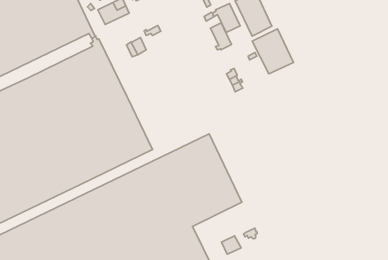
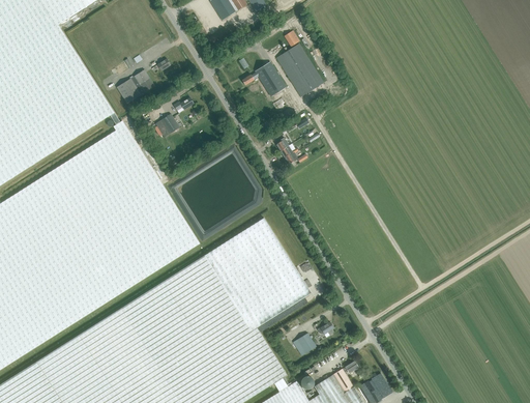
building: [210,23,232,50] -> none
building: [252,29,293,74] -> none

